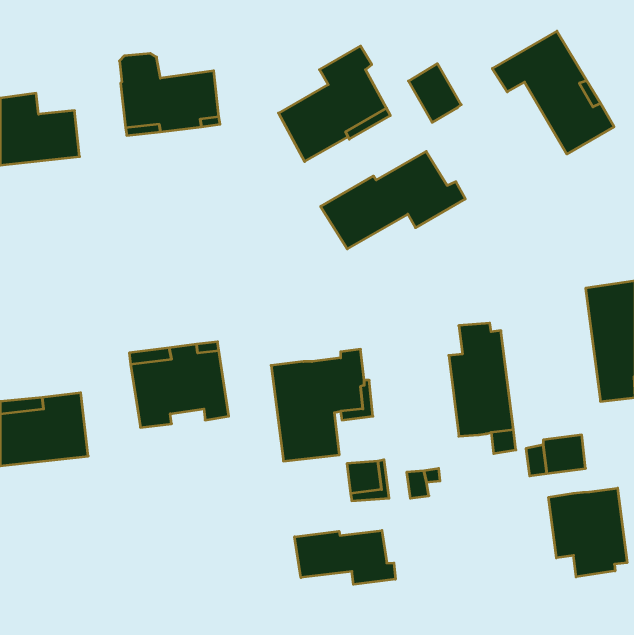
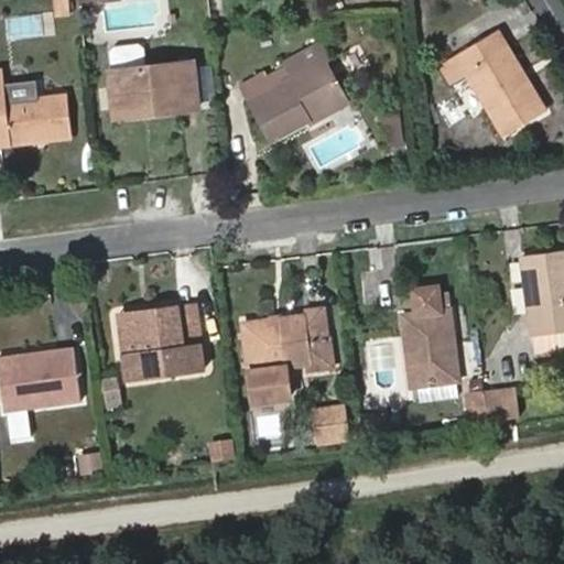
building: [408,64,461,122] -> none
building: [321,151,465,249] -> none
building: [549,488,627,577] -> none
building: [295,530,395,584] -> none

